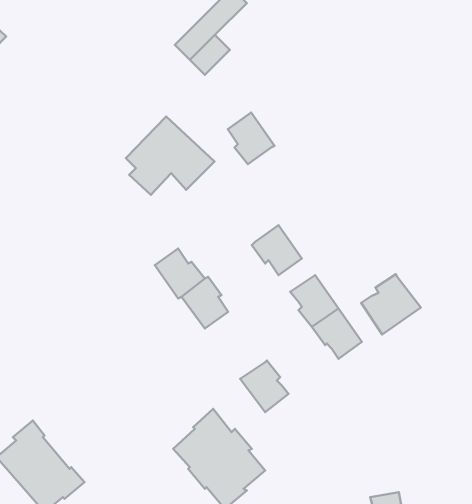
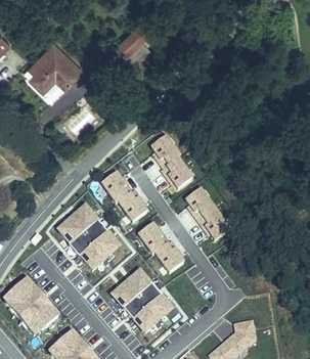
building: [228,112,274,164] -> [150,136,179,168]
building: [126,116,214,195] -> [28,41,82,89]
building: [361,274,421,334] -> none
building: none -> [58,205,118,269]
building: none -> [137,223,169,254]

